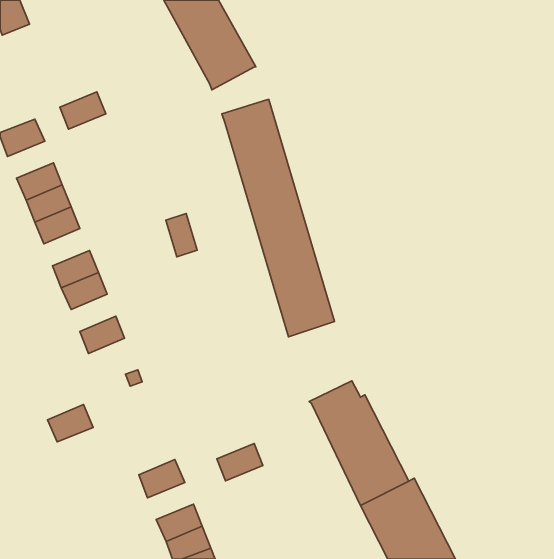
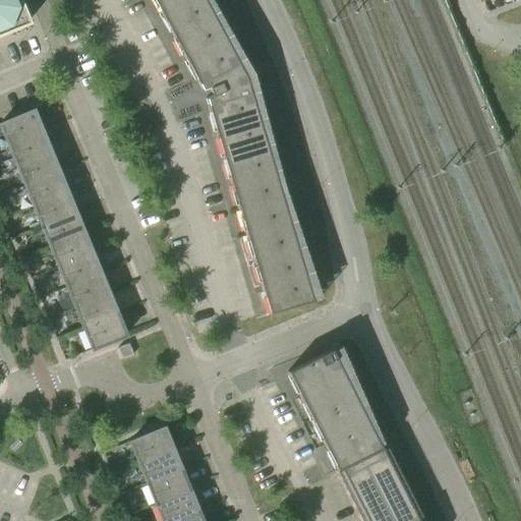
building: none -> [201,62,253,106]
building: [60,92,106,129] -> [11,131,54,166]
building: [166,214,197,257] -> none
building: none -> [45,213,88,247]
building: none -> [70,274,112,308]
building: [47,405,93,442] -> [86,314,129,349]
building: [217,444,263,481] -> [141,449,184,483]

